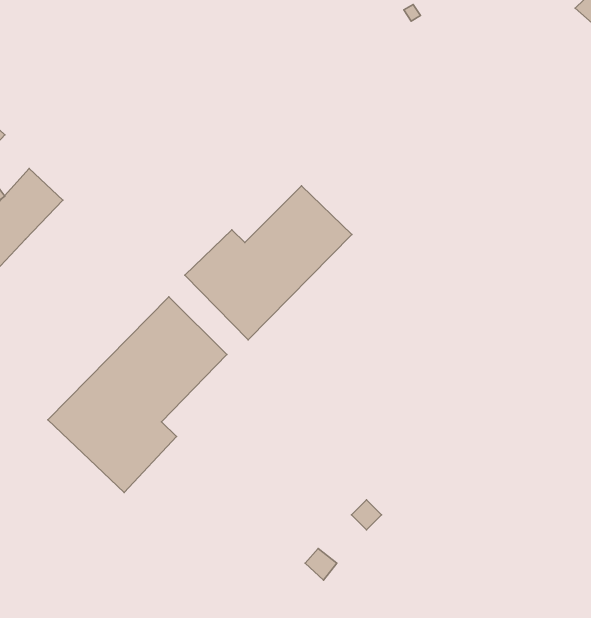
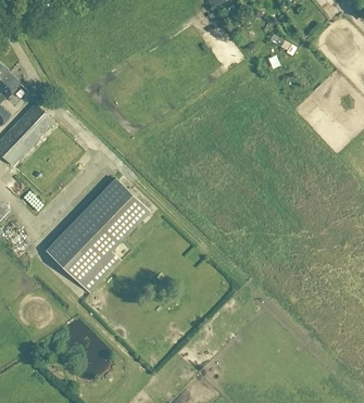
building: [185,186,352,340] -> none

